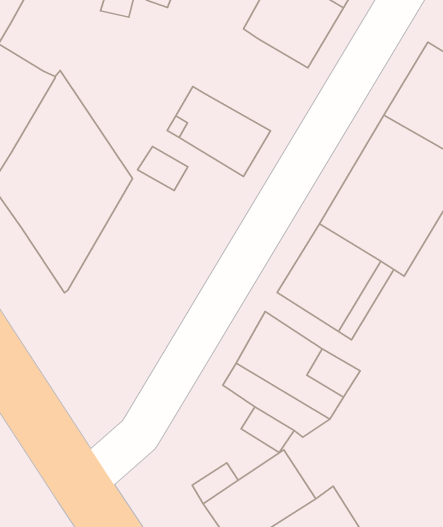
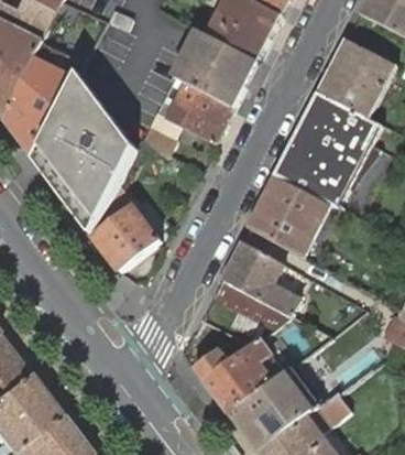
building: none -> [176,30,259,108]
building: none -> [92,201,160,270]

